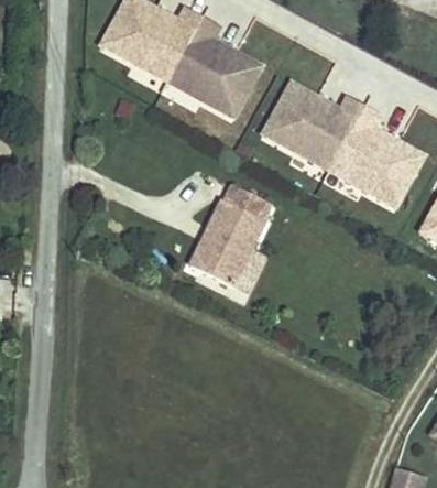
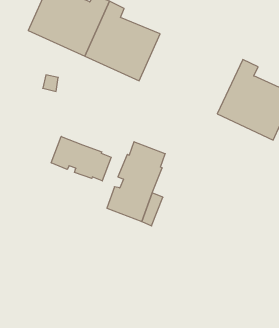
building: [263,77,369,171] -> none
building: none -> [51,136,111,181]

